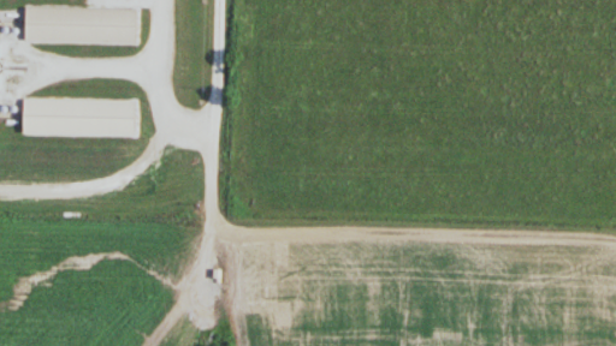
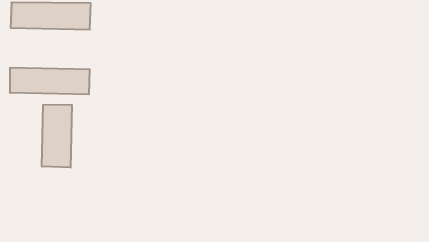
building: none -> [42,105,72,168]

